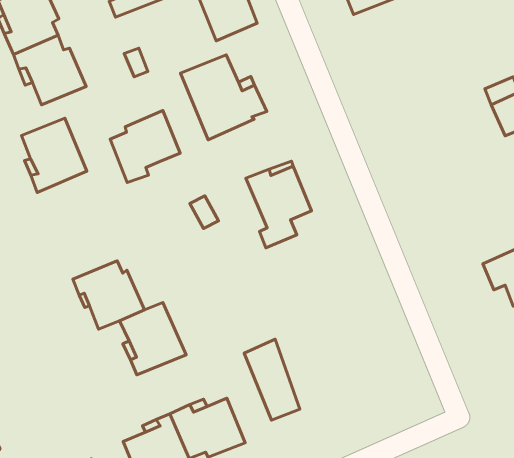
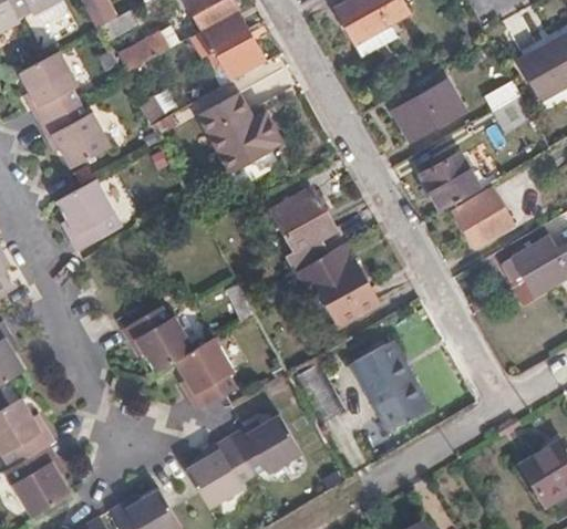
building: none -> [393,81,465,142]
building: [110,111,180,183] -> none
building: none -> [423,154,483,211]
building: none -> [456,193,513,247]
building: none -> [297,245,379,326]
building: none -> [351,343,430,432]

